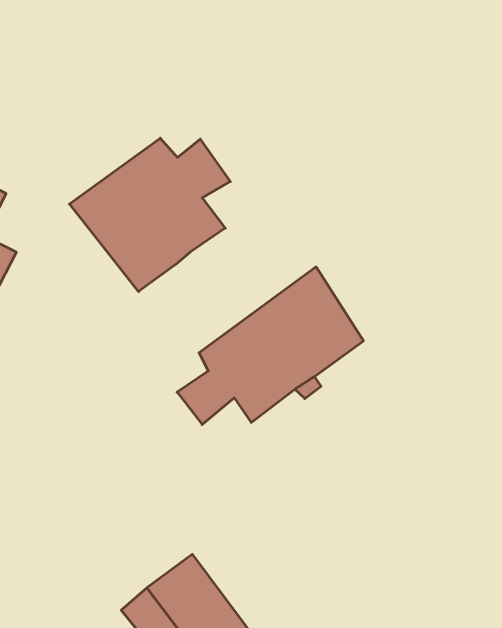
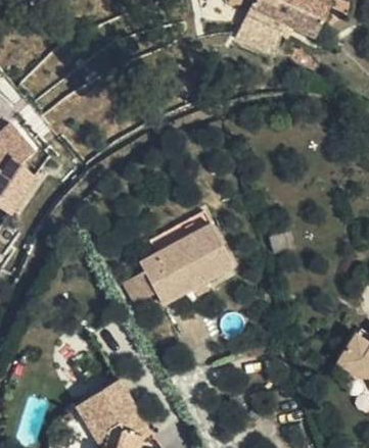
building: [69,138,230,292] -> none

